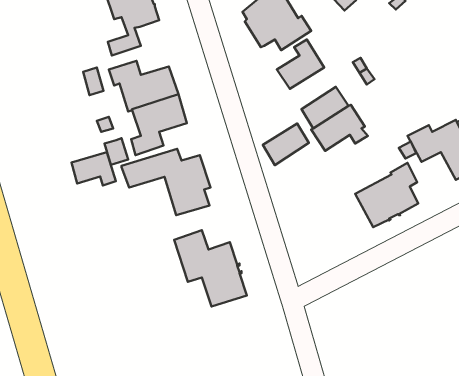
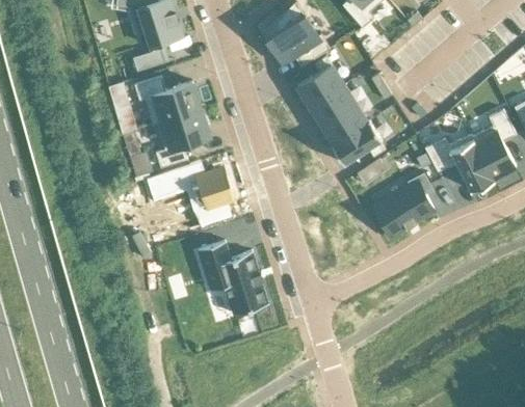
building: [263,123,309,165] -> [310,82,355,123]
building: [72,152,116,185] -> none

